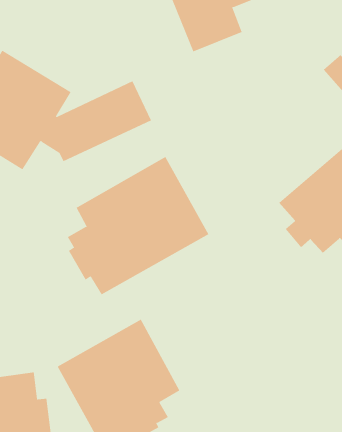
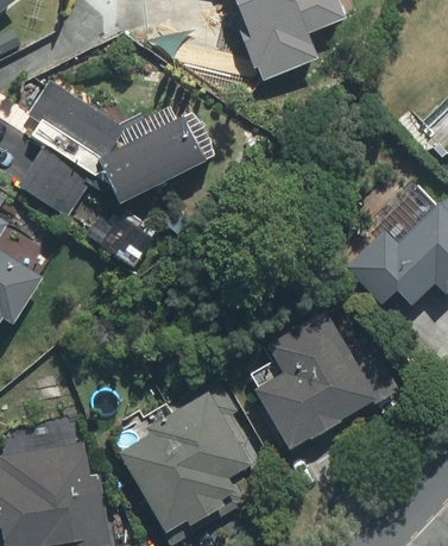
building: [67,156,209,295] -> none
building: none -> [250,308,377,450]

